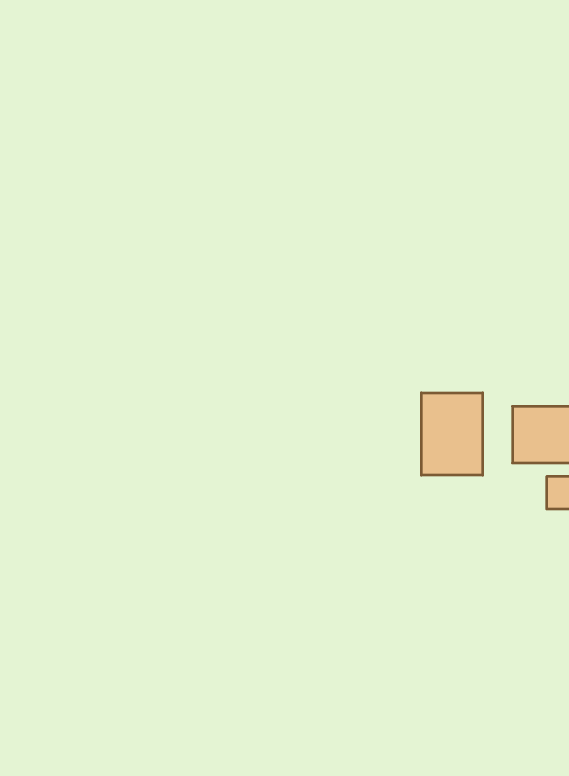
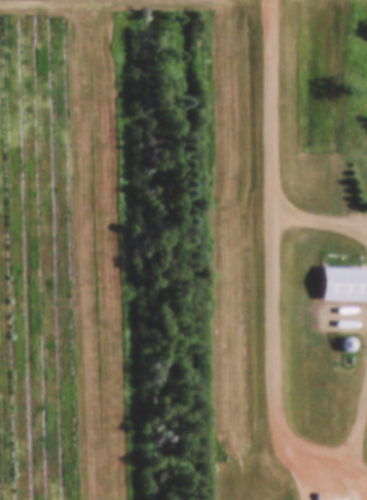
building: [421,393,483,475] -> none

